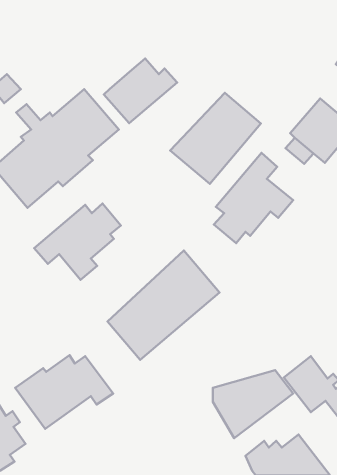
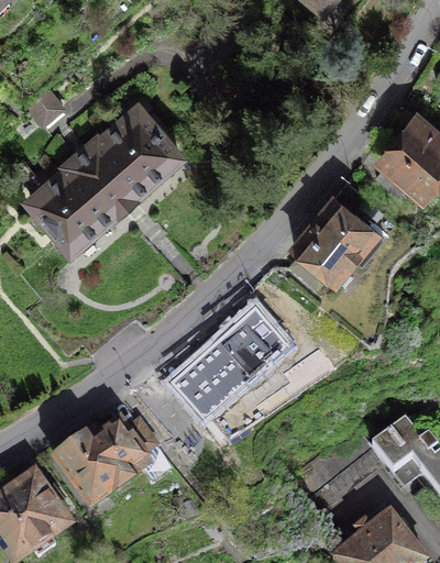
building: [104,58,177,123] -> none
building: [170,93,261,184] -> none
building: [34,203,121,280] -> none

